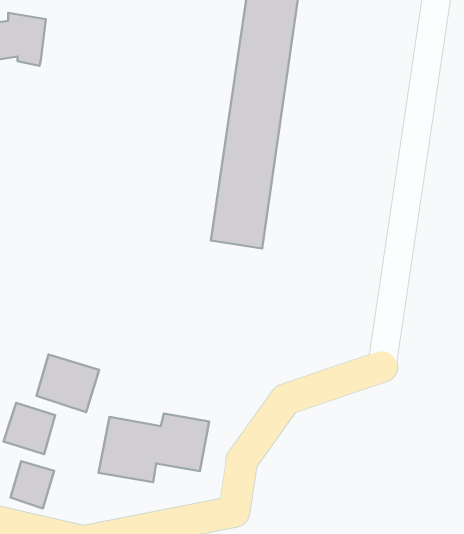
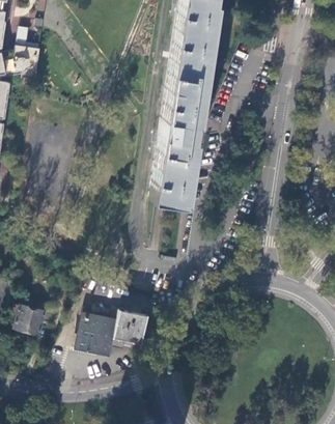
building: [37,355,99,412] -> none
building: [10,461,54,509] -> none

